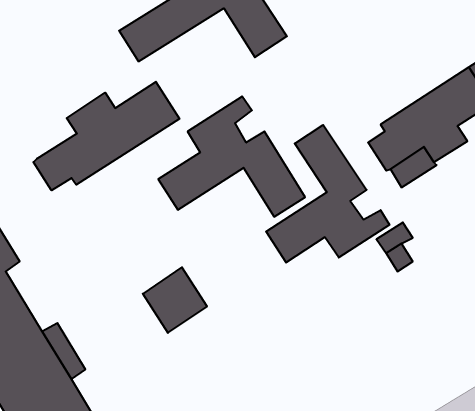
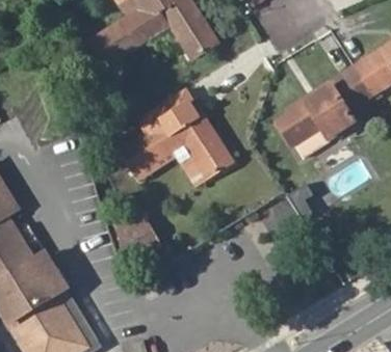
building: [33,82,179,190] -> none
building: [266,125,389,263] -> none

